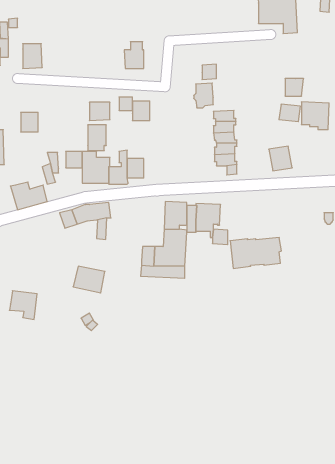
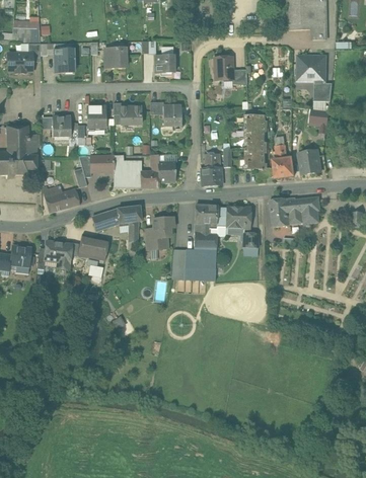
building: none -> [104,47,126,68]
building: [194,83,213,108] -> [213,56,232,80]
building: [301,102,329,130] -> [298,56,325,83]
building: [88,125,106,151] -> [87,106,105,132]
building: none -> [273,144,294,177]
building: none -> [201,153,221,185]
building: none -> [146,218,173,249]
building: [230,238,281,268] -> [270,196,320,227]
building: [73,266,105,293] -> [77,234,108,260]
building: [9,291,37,319] -> [44,241,71,269]

